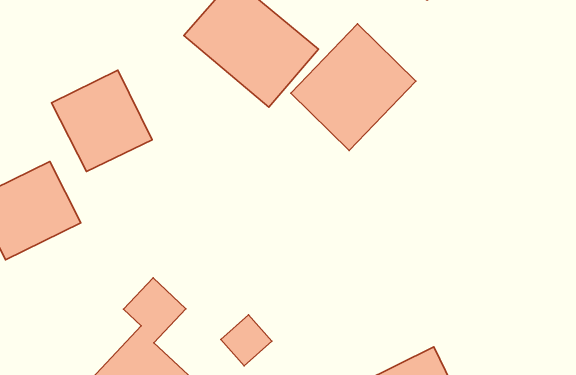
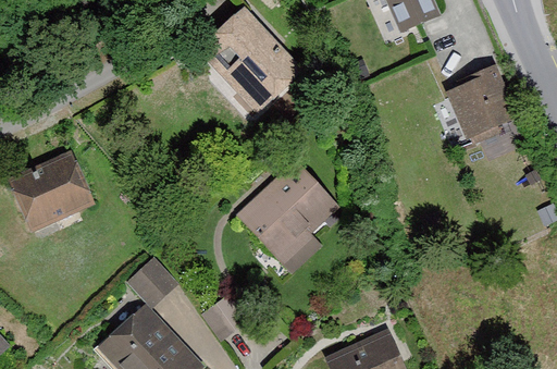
building: [291,24,416,150] -> [235,161,343,269]
building: none -> [444,65,522,139]
building: [51,70,152,171] -> none

